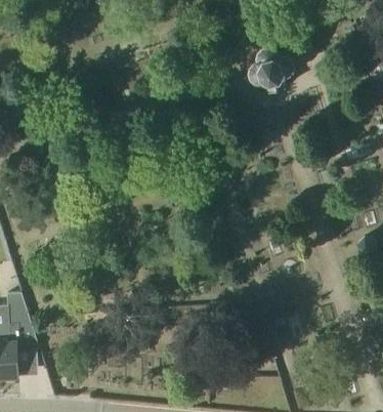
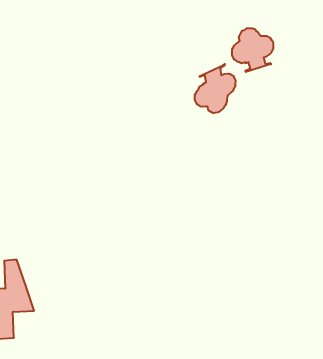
building: none -> [195,64,236,113]

